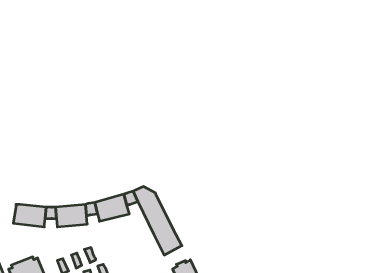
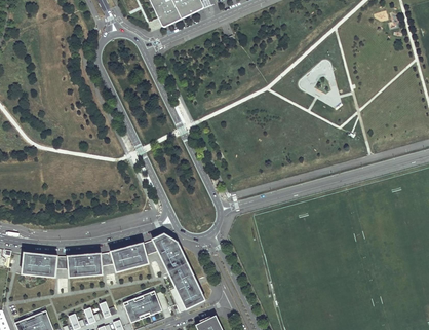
building: none -> [124,291,162,322]

